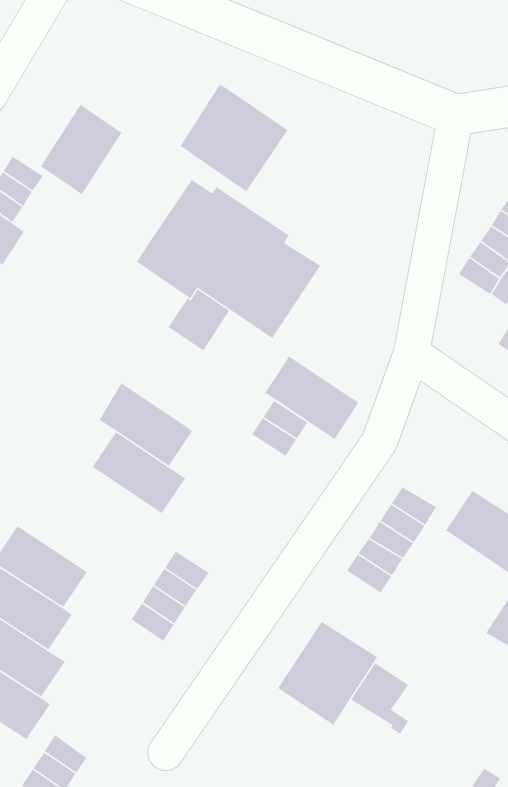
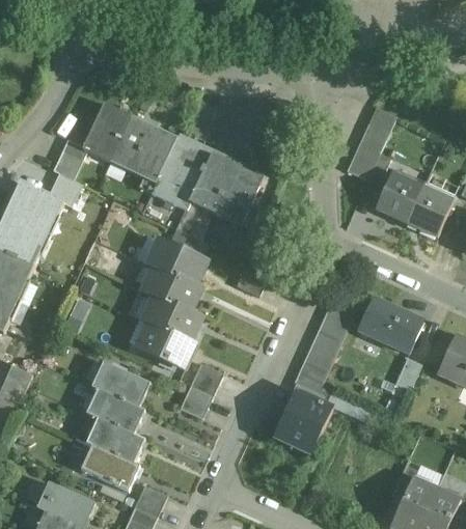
building: [179,83,289,192] -> [112,115,176,178]
building: [264,356,359,440] -> [147,239,205,285]
building: none -> [136,322,195,368]
building: [350,662,409,735] -> [294,359,331,400]

